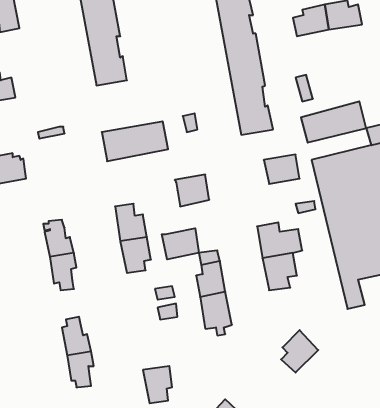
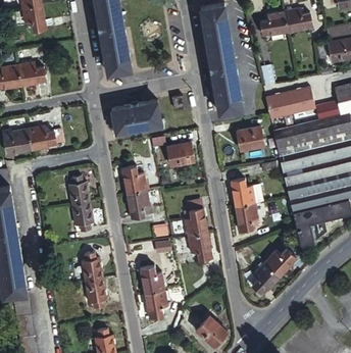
building: [162,228,199,259] -> none
building: none -> [264,247,297,276]
building: none -> [140,265,164,292]

